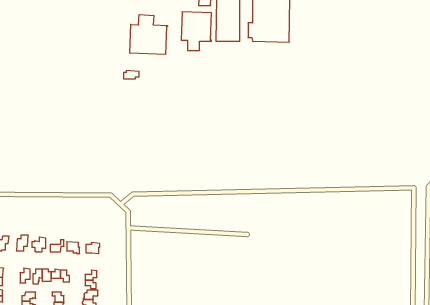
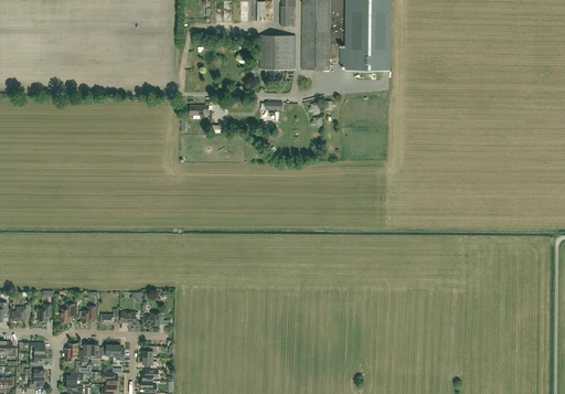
building: [130,15,168,54] -> none

